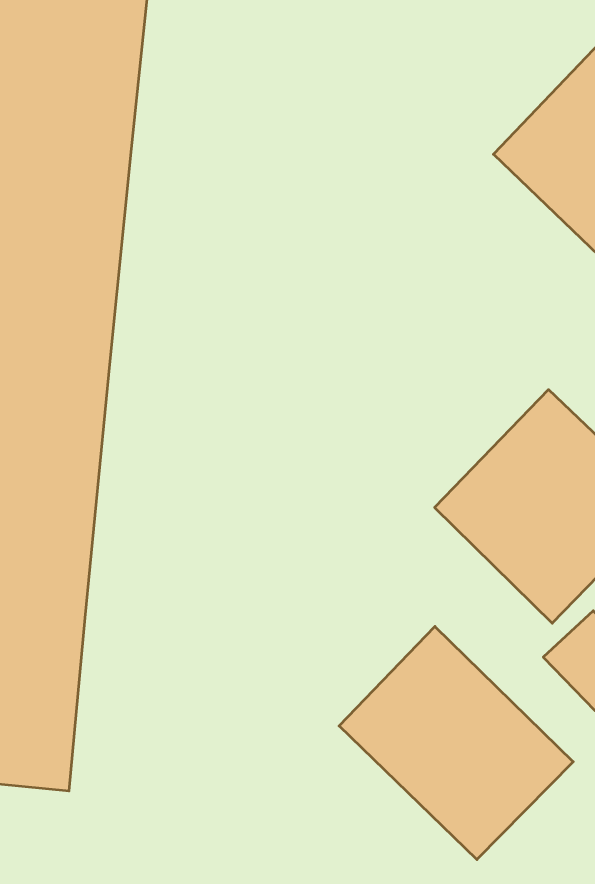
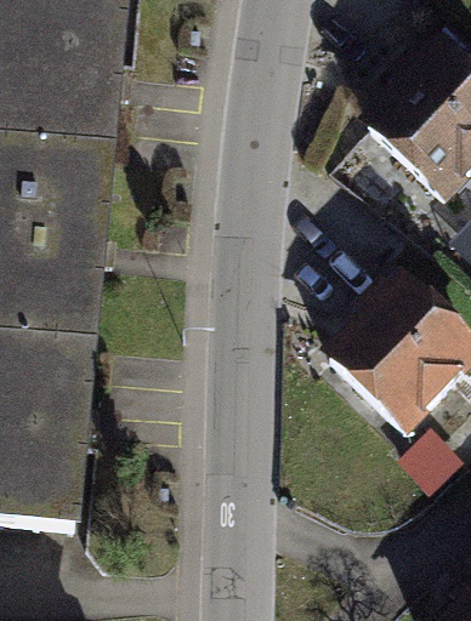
building: [339,626,573,860] -> none

